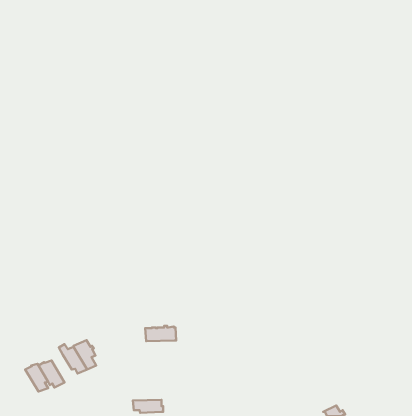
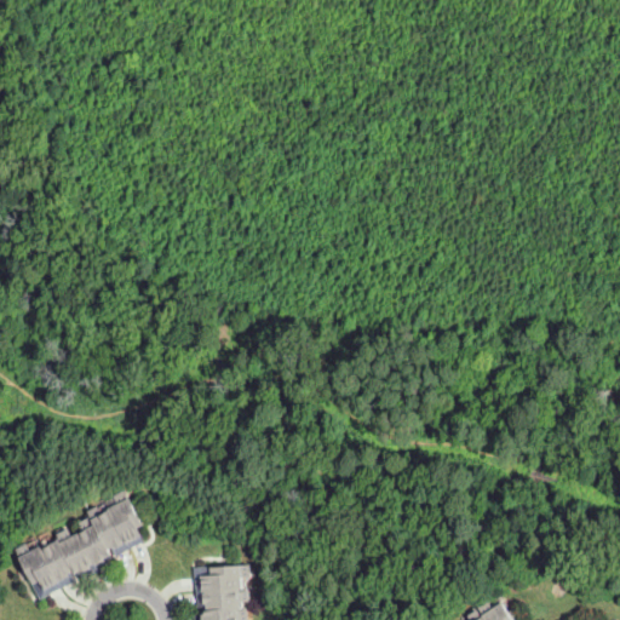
building: [145,326,176,341] -> [196,572,242,595]
building: none -> [76,527,111,568]
building: none -> [17,546,58,591]

